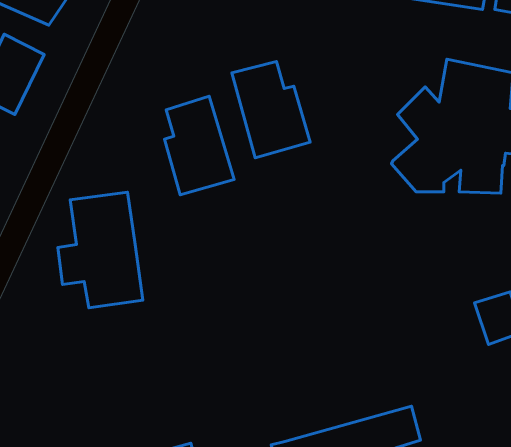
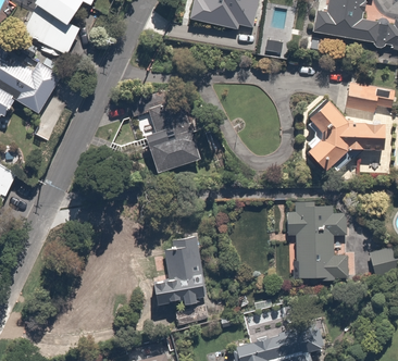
building: [232,62,310,158] -> none
building: [58,192,143,308] -> [149,240,209,322]
building: none -> [285,201,347,279]

